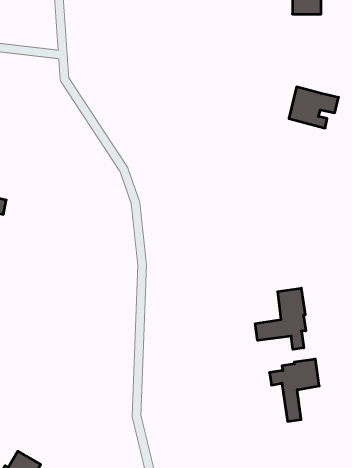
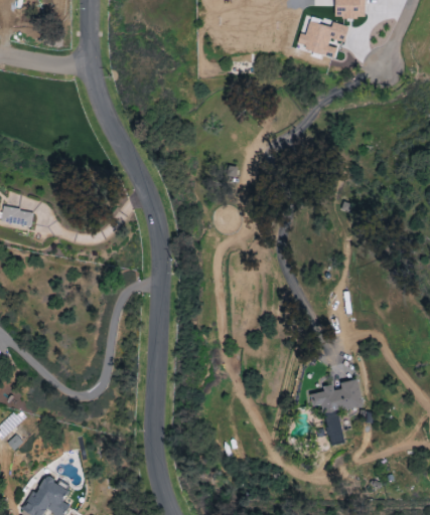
building: [289,87,339,128] -> [296,14,348,57]
building: [255,288,306,349] -> none

